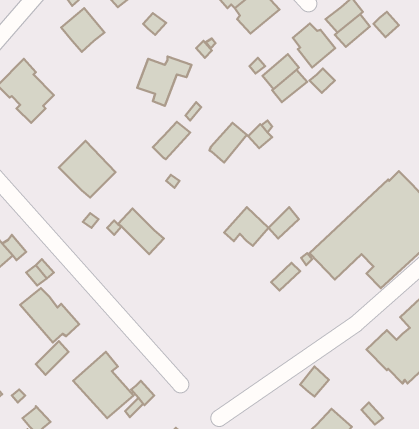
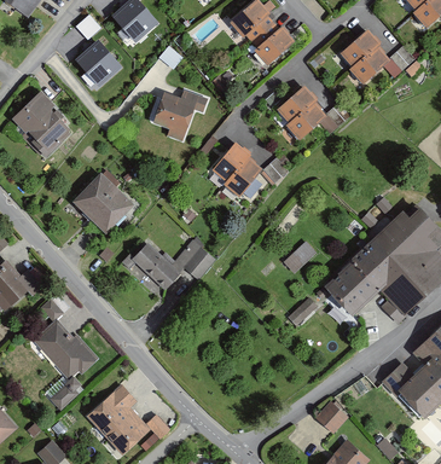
building: [293,23,335,67] -> none
building: [153,122,190,159] -> [213,143,250,180]
building: [224,207,269,246] -> [169,238,214,277]

